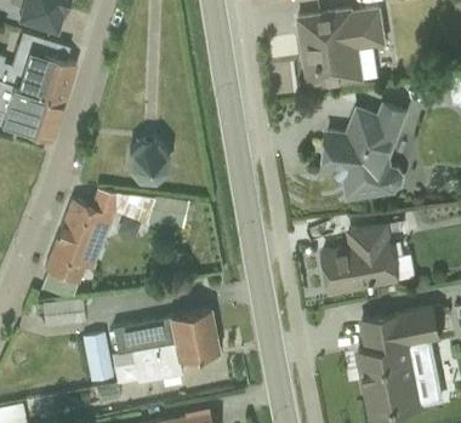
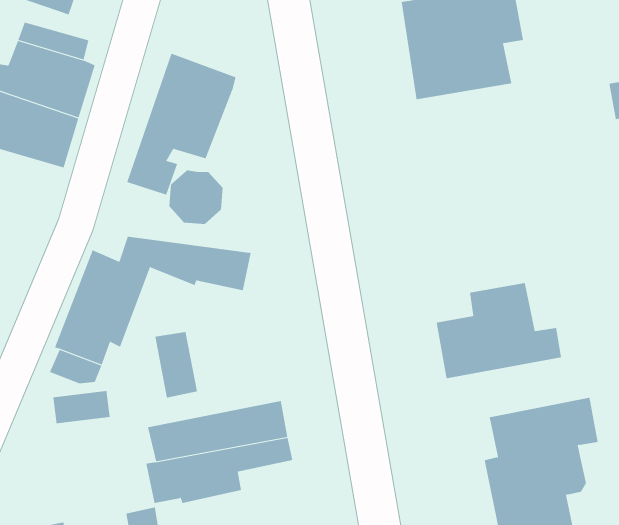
building: none -> [127,53,236,195]
building: [323,101,415,199] -> none
building: [81,333,113,382] -> [155,332,198,398]

